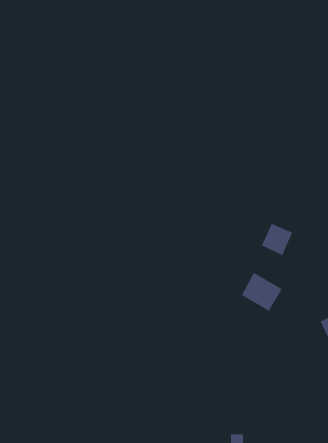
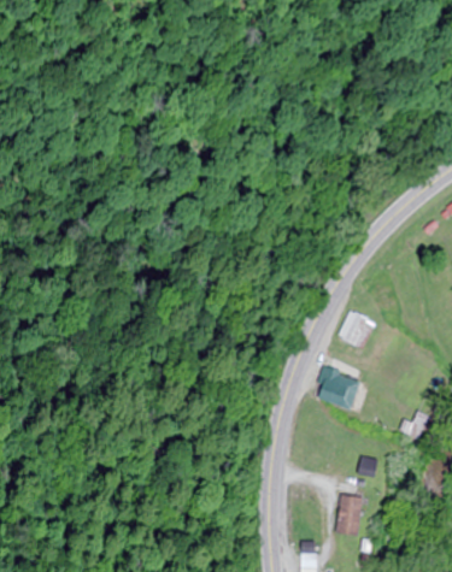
building: none -> [336,493,364,536]

